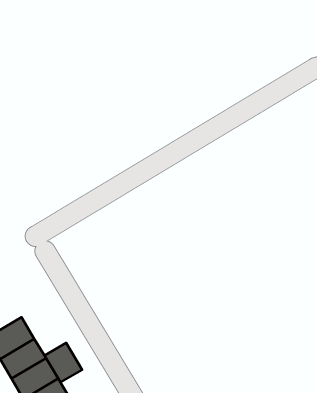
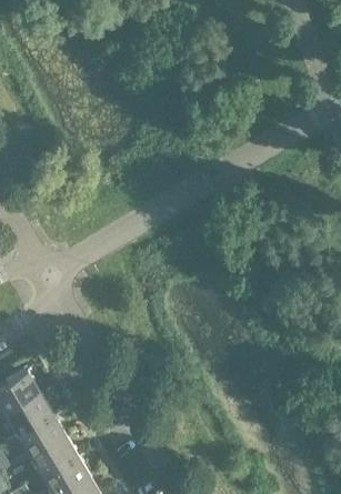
building: [45,343,82,382] -> none

